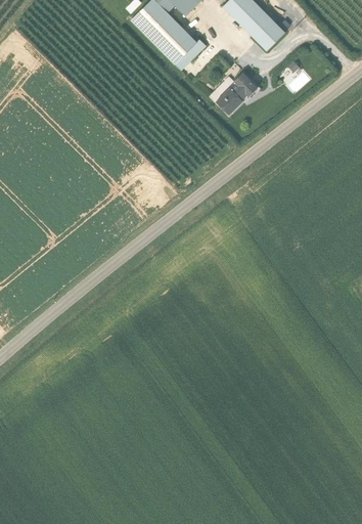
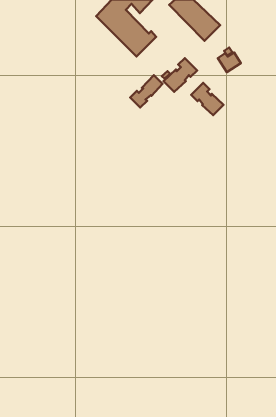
building: none -> [130,75,163,108]
building: none -> [191,83,224,115]

